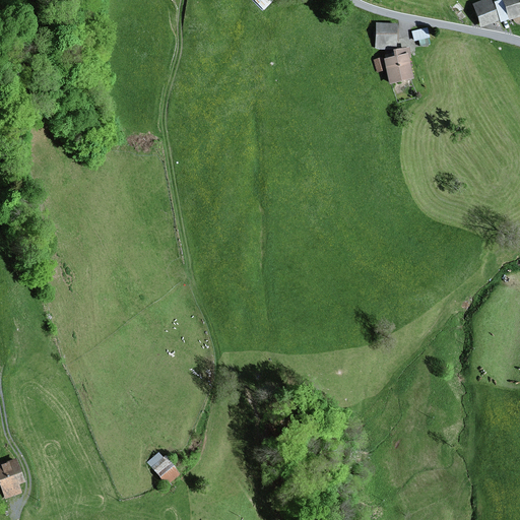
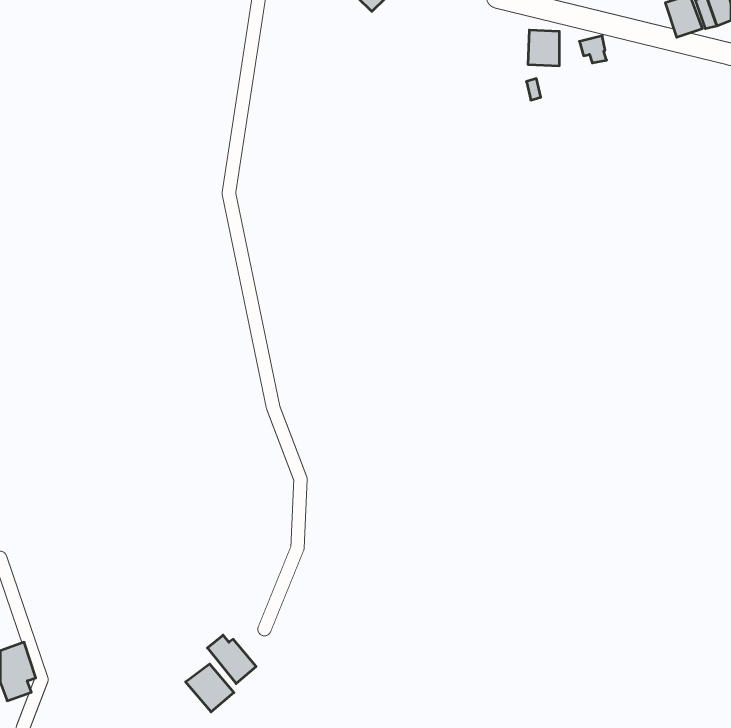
building: [384,46,414,82] -> none
building: none -> [186,664,234,712]

